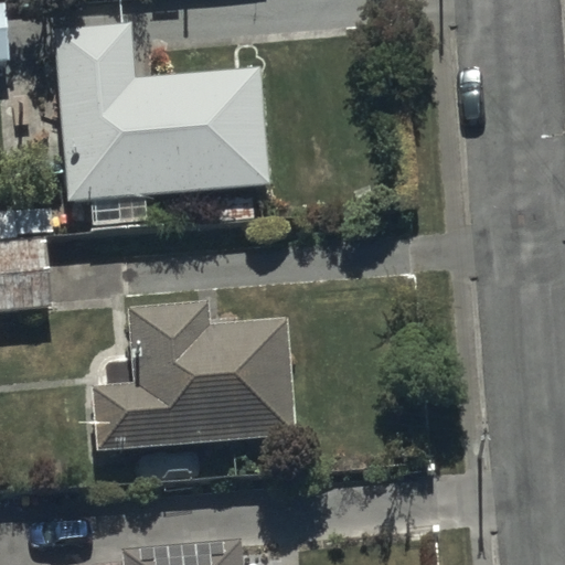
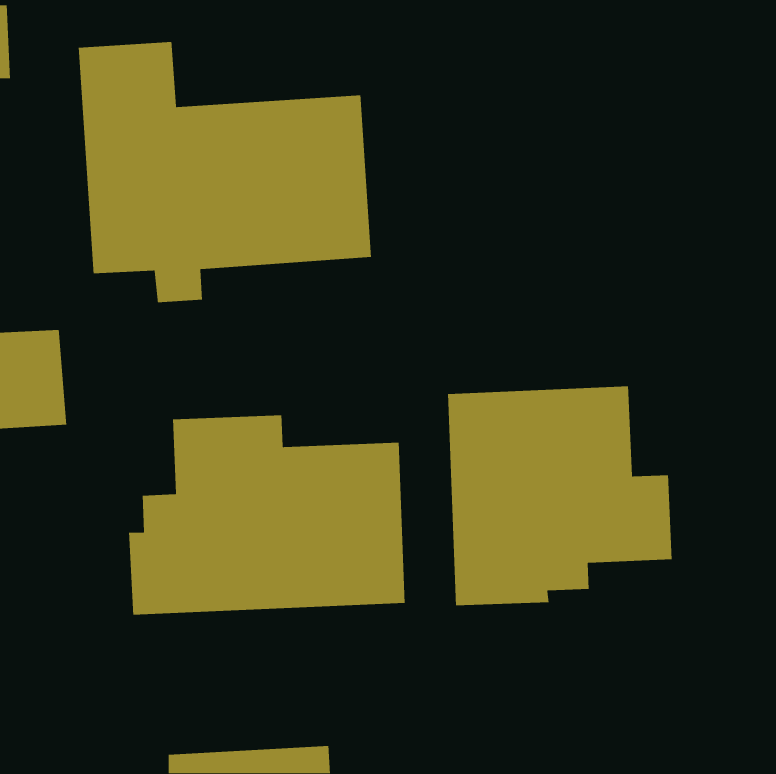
building: none -> [447,386,672,606]

